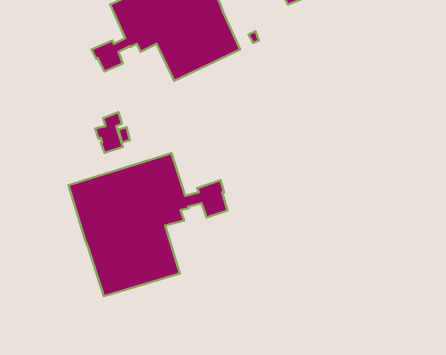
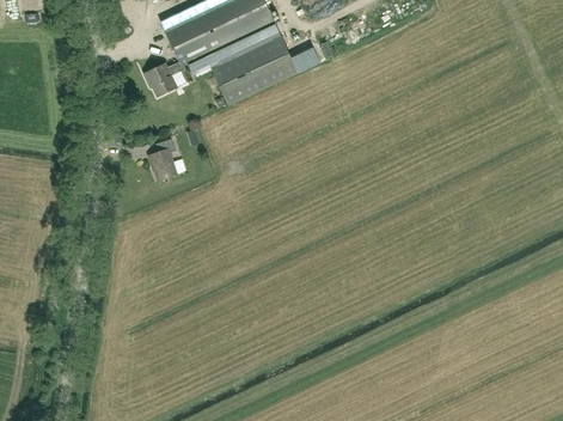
building: [68,153,227,296] -> none

